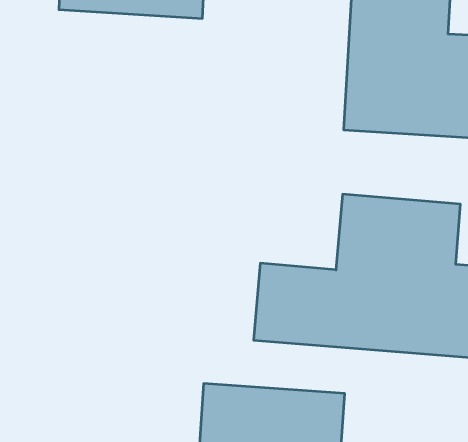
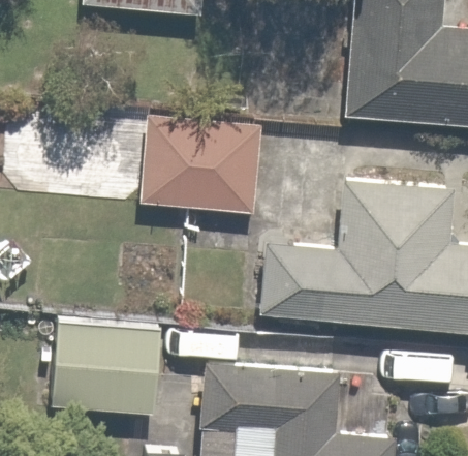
building: none -> [126,118,241,222]
building: none -> [45,317,158,407]

